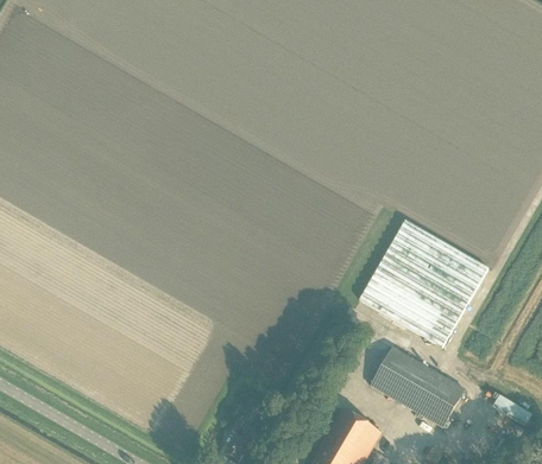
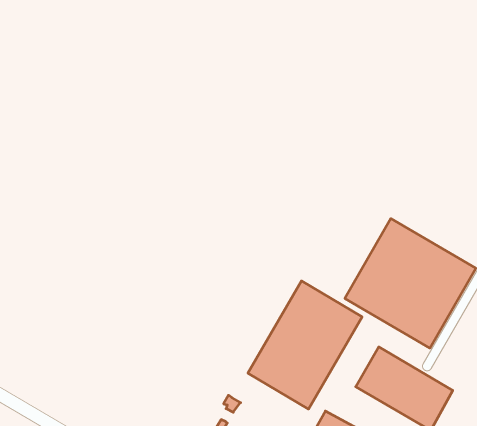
building: none -> [248,281,362,409]

